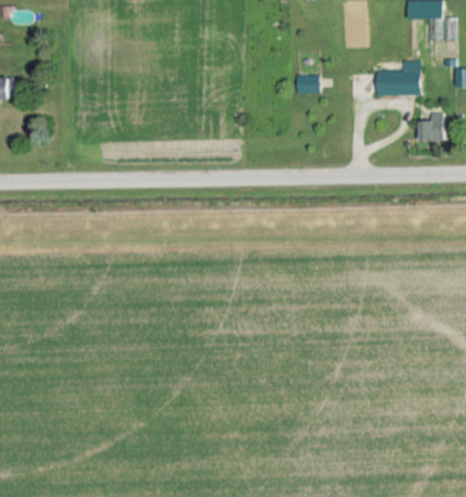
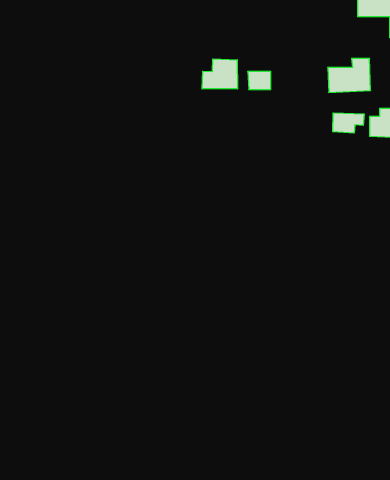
building: none -> [202,59,237,89]
building: none -> [333,113,364,133]

